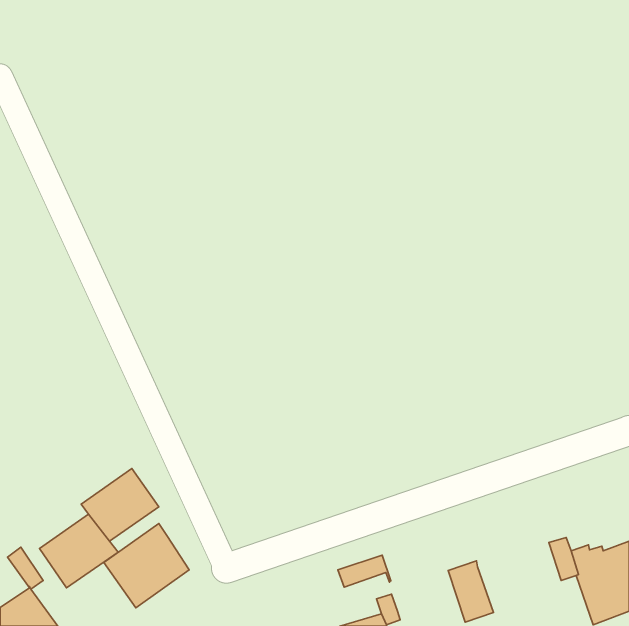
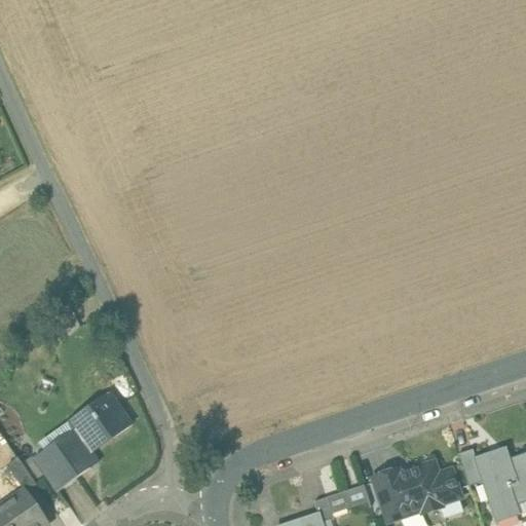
building: [104,523,189,608] -> none
building: none -> [399,462,459,513]
building: [338,555,391,587] -> [327,484,371,511]

